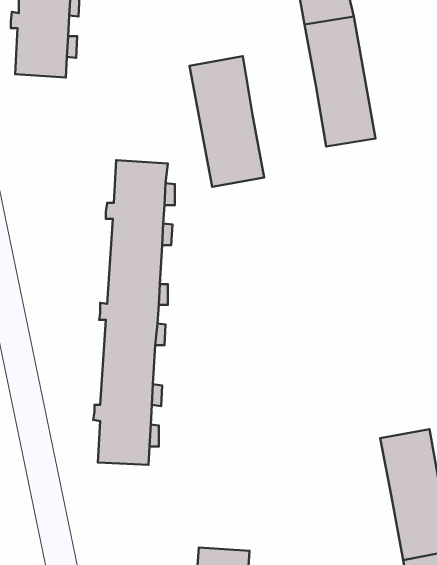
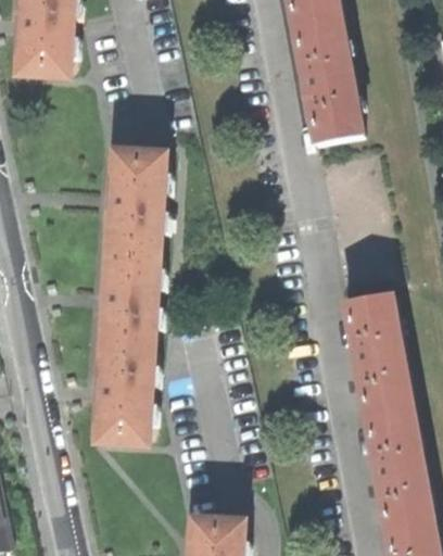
building: [190,56,264,187] -> none
building: none -> [343,294,410,417]

